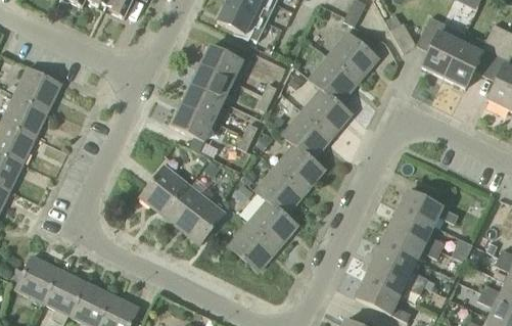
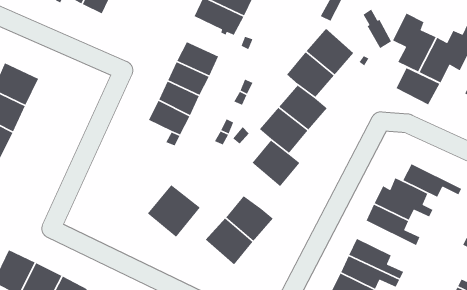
building: none -> [395,67,440,105]
building: [140,166,194,219] -> none
building: [254,168,304,214] -> none
building: [380,226,440,261] -> [402,163,462,198]

